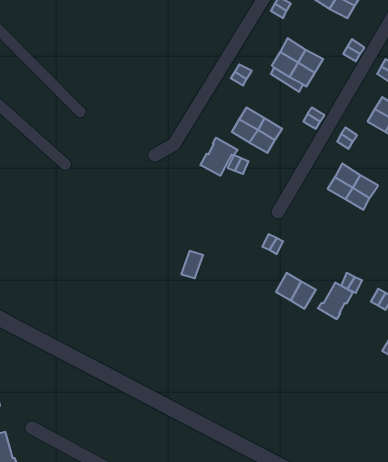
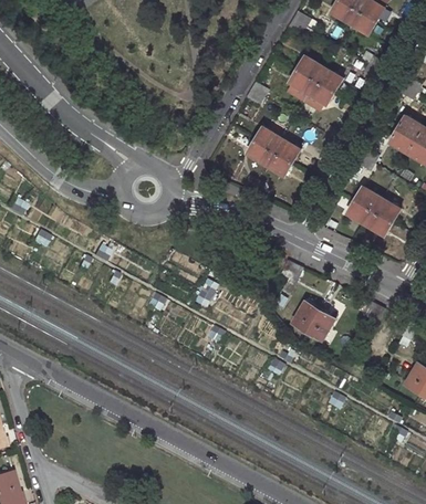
building: [200,138,238,176] -> none
building: [318,282,353,319] -> none

